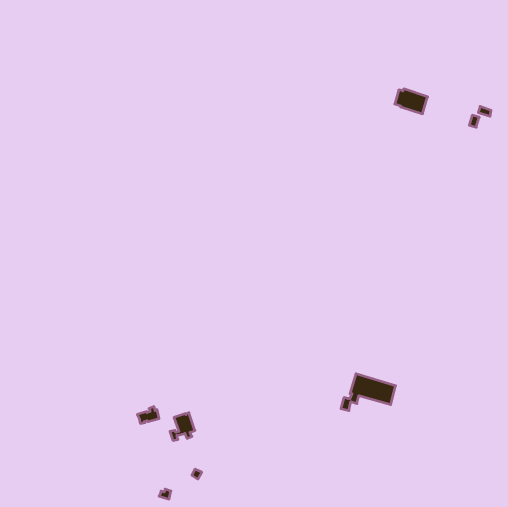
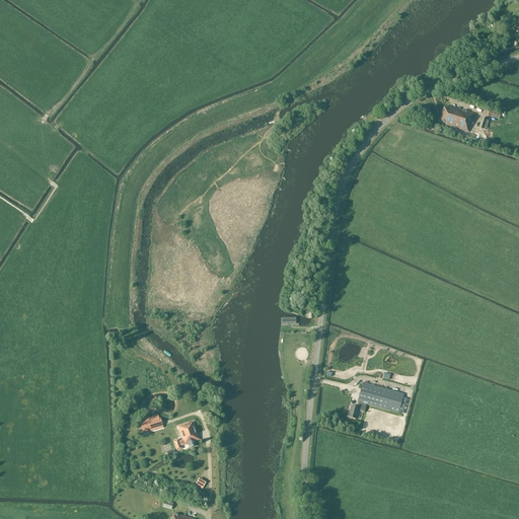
building: [395,89,428,114] -> [440,105,473,131]

